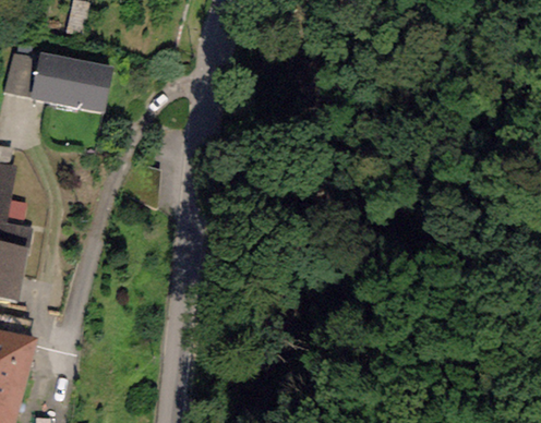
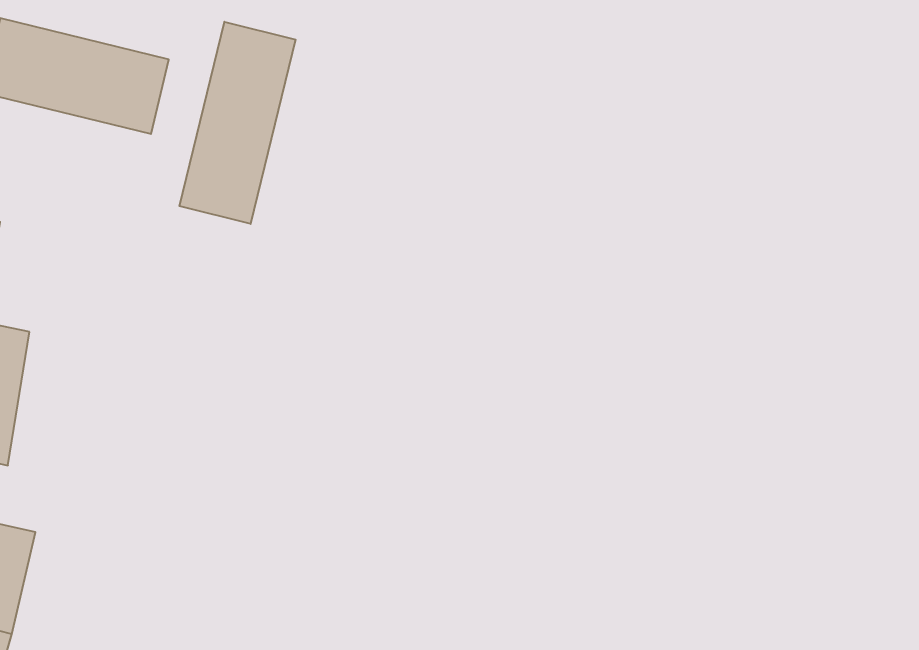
building: none -> [179,22,296,224]

